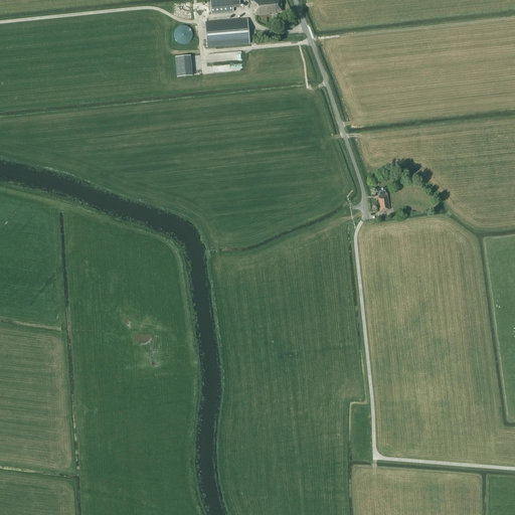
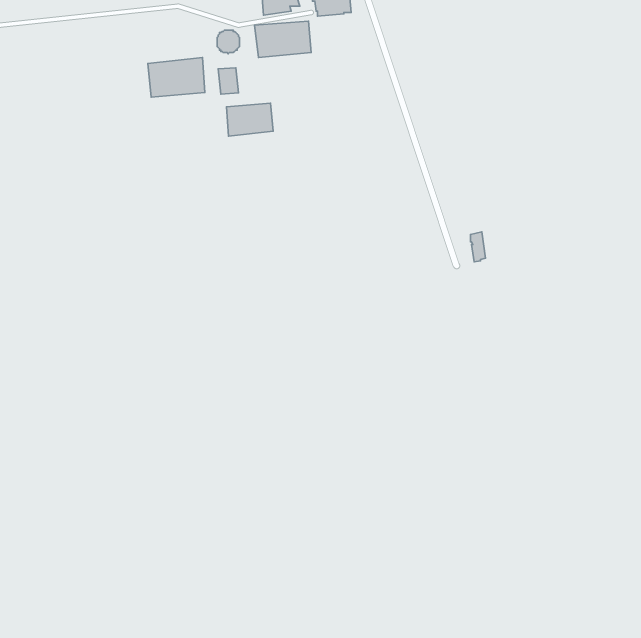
building: none -> [148,58,205,97]
building: none -> [226,103,273,136]

